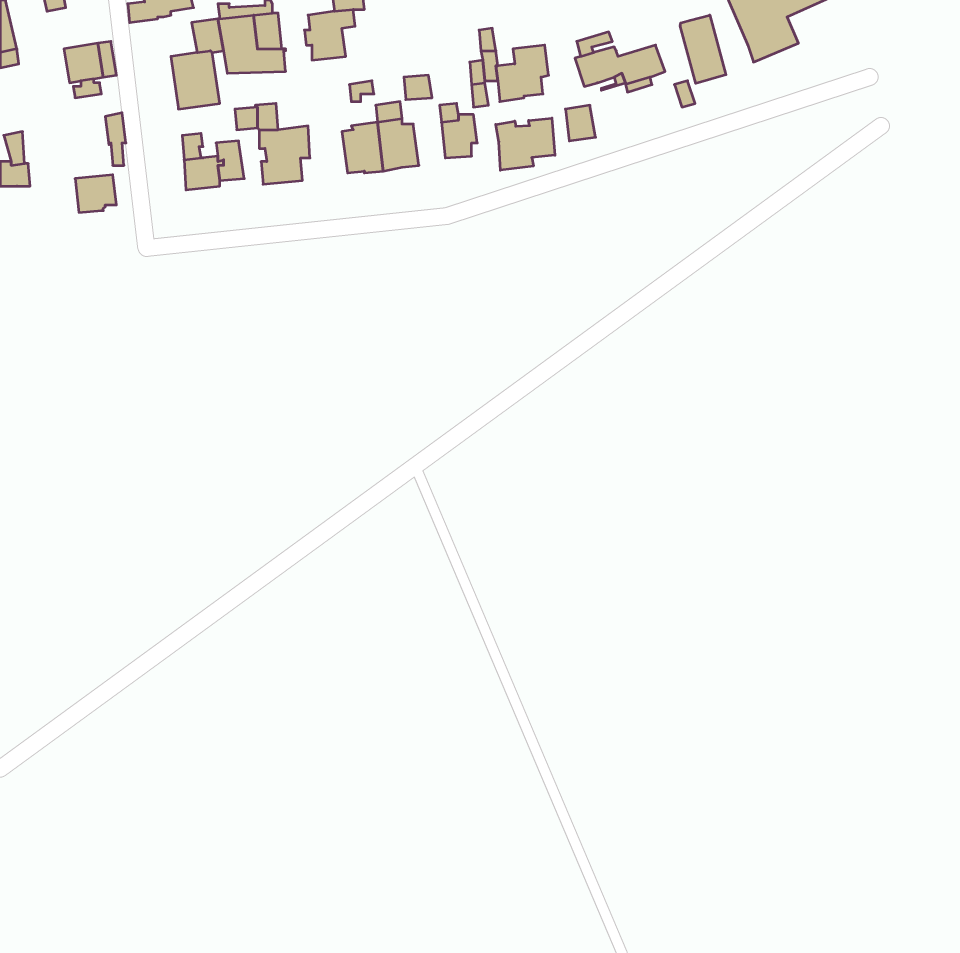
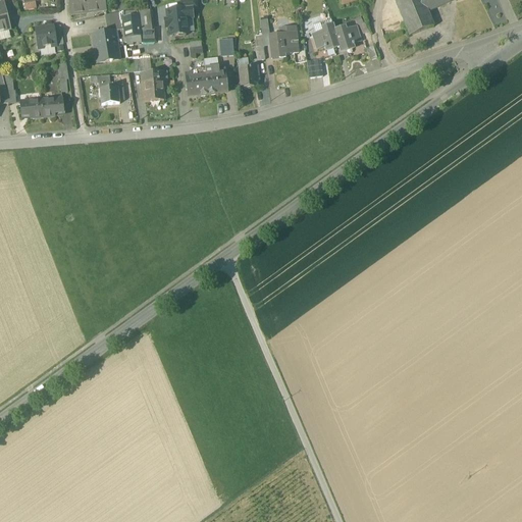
building: [680,15,726,83] -> none
building: [496,118,555,170] -> none
building: none -> [19,97,43,116]

